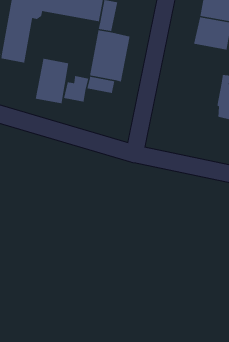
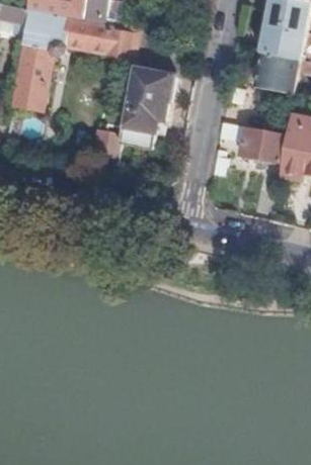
building: [35,58,69,104] -> none
building: none -> [217,122,284,164]

